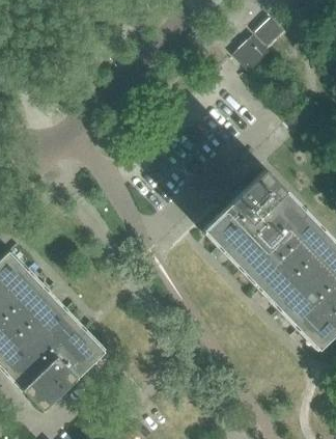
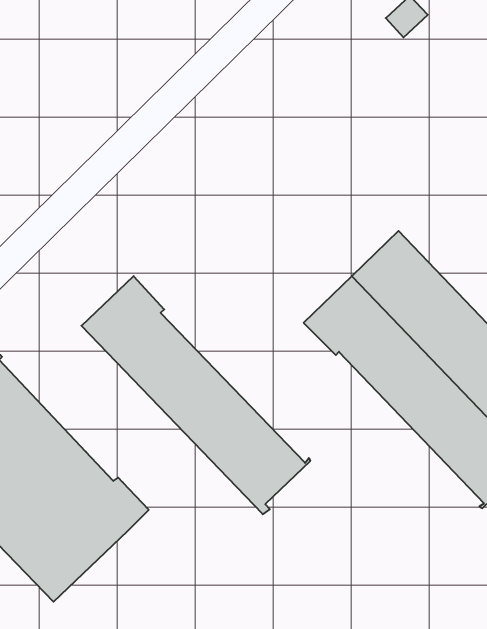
building: [232,34,271,73] -> none
building: none -> [81,276,310,514]

